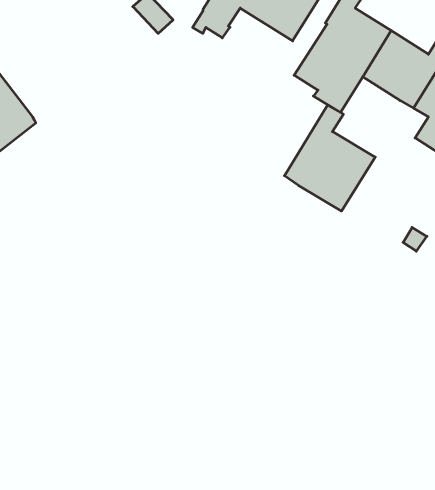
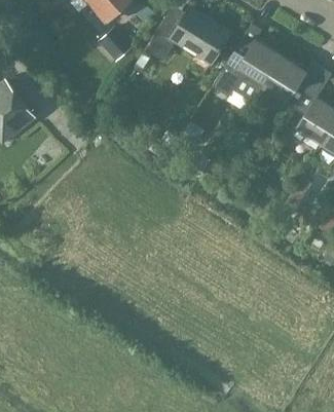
building: [284,105,375,211] -> none

